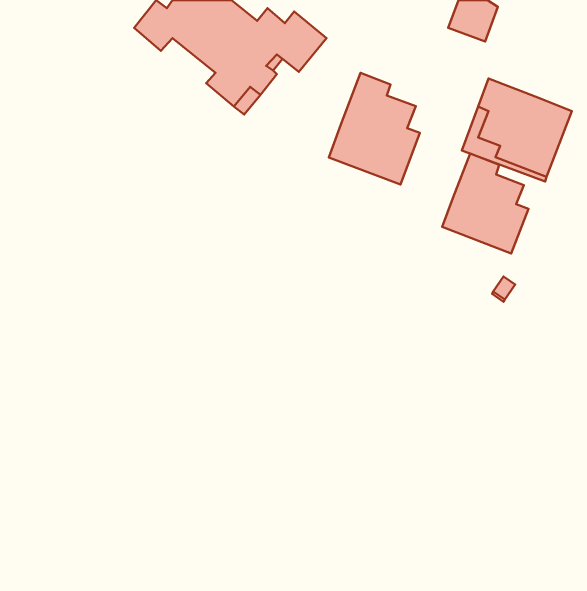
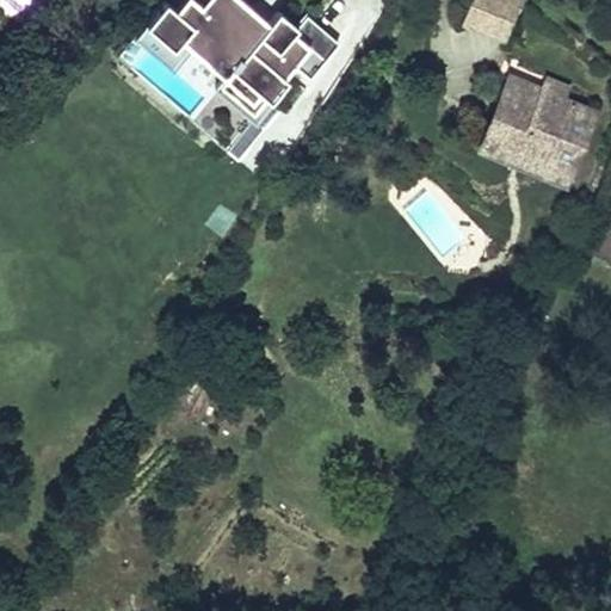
building: [329,73,420,185] -> none
building: [442,153,528,253] -> none

